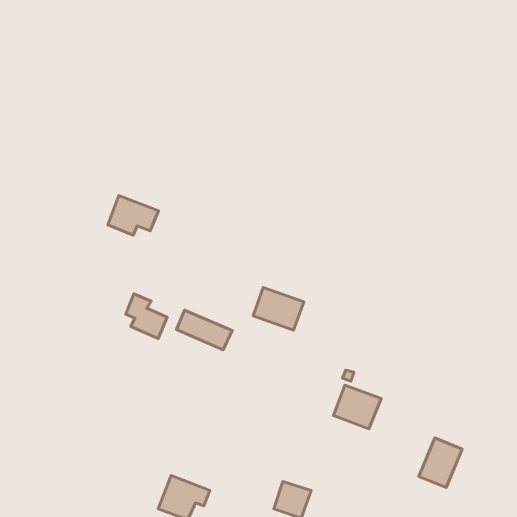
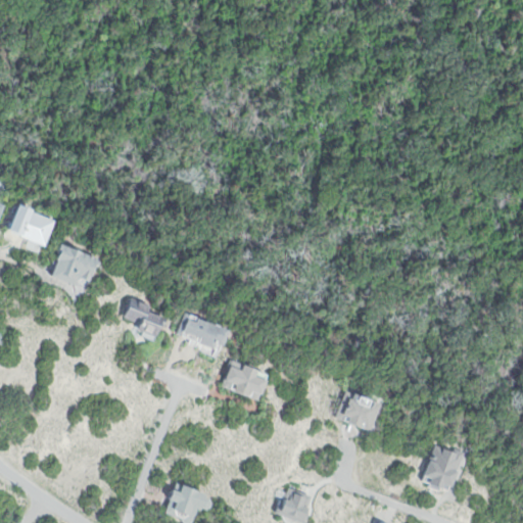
building: [108,195,158,235] -> [50,245,101,285]
building: none -> [11,205,60,248]
building: [253,287,304,330] -> [221,360,272,402]

